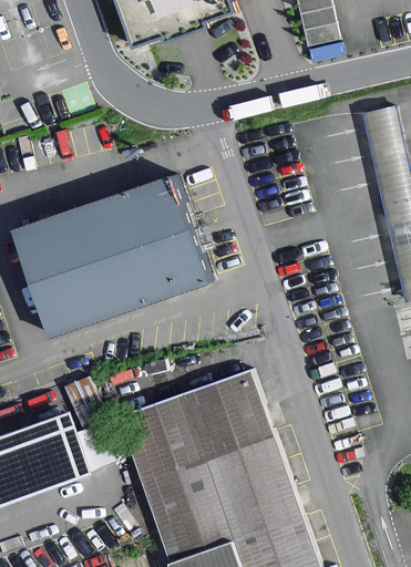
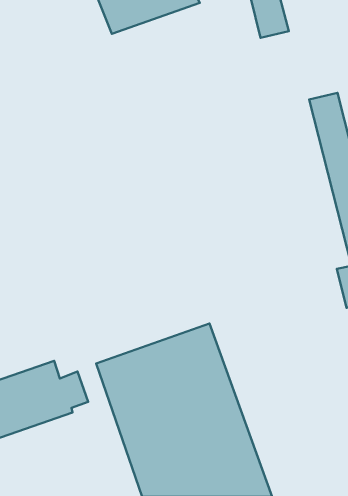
building: [16,175,208,331] -> none

